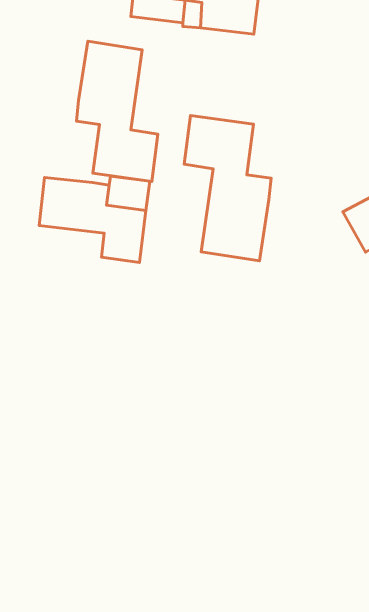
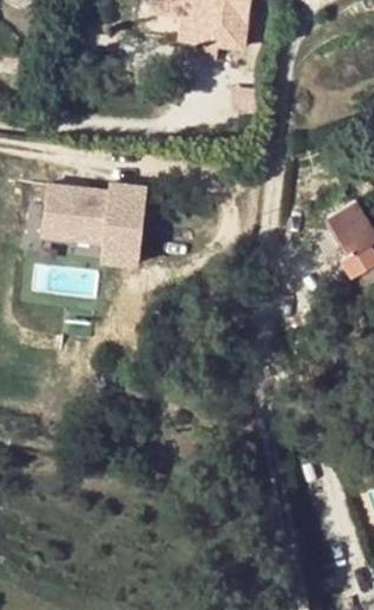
building: [76,41,158,182] -> none
building: [184,115,271,261] -> none

